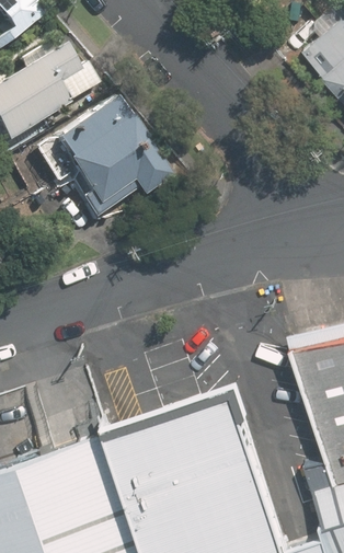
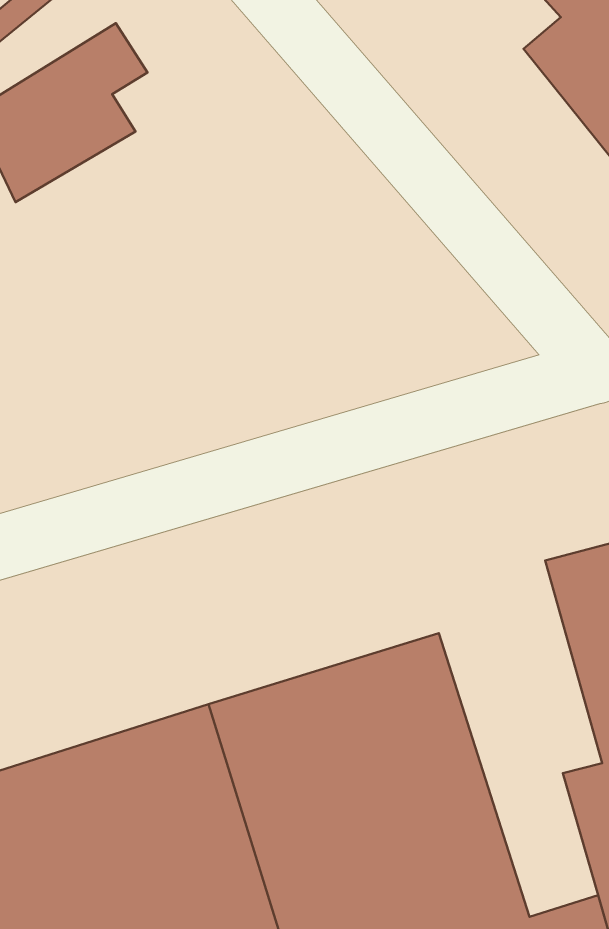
building: [35,102,171,221] -> none

